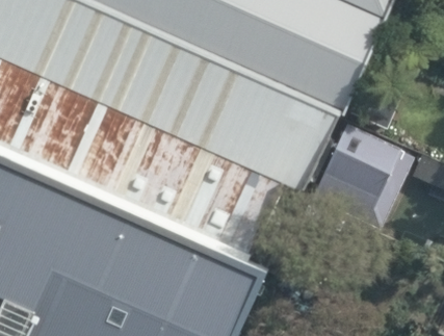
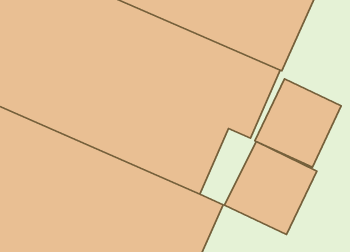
building: none -> [225,142,317,235]

